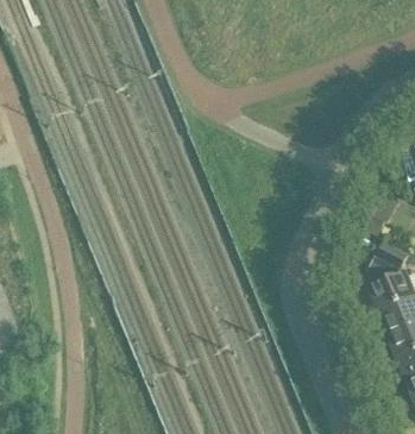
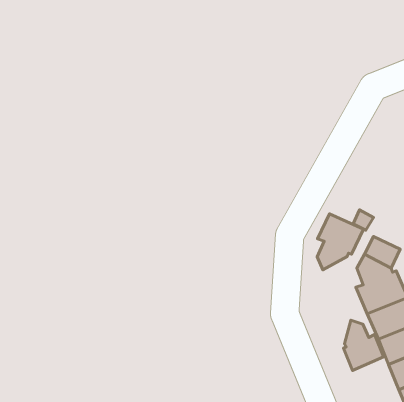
building: none -> [317,214,364,270]
building: none -> [343,320,384,371]

